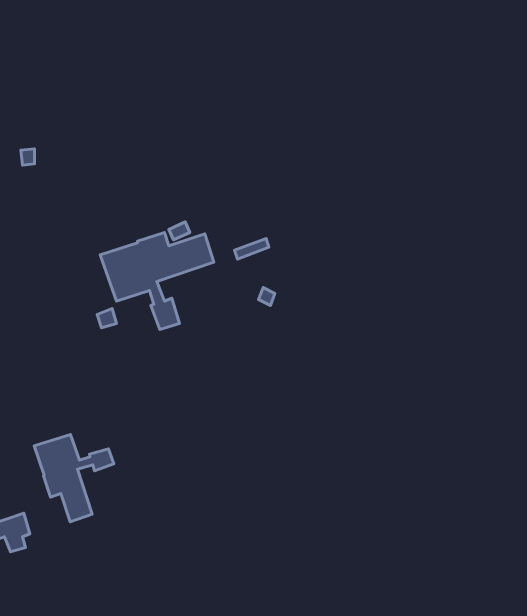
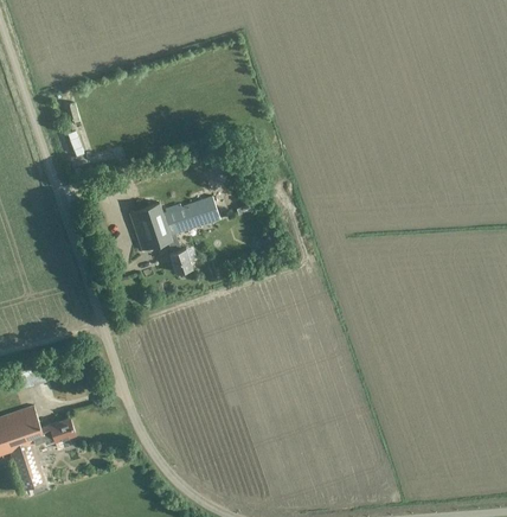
building: [34,435,114,522] -> none

